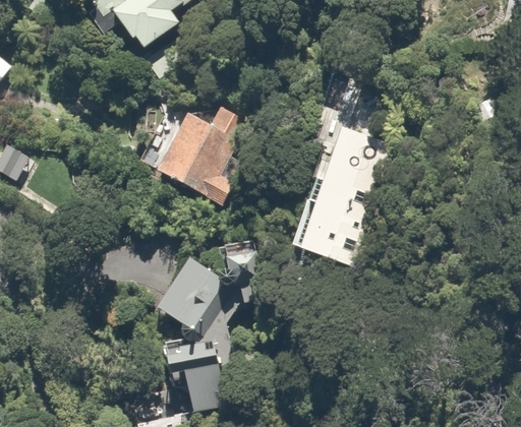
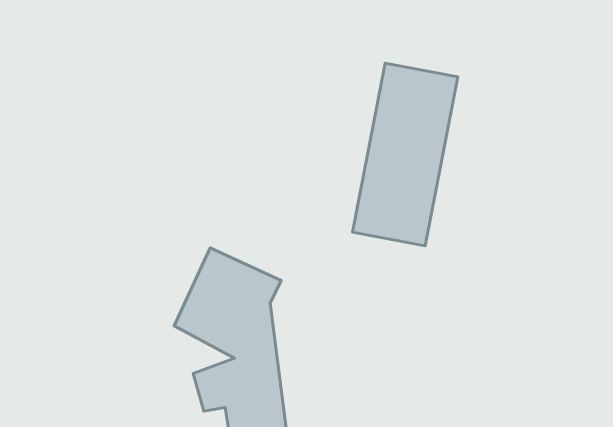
building: [157,109,246,196] -> none

